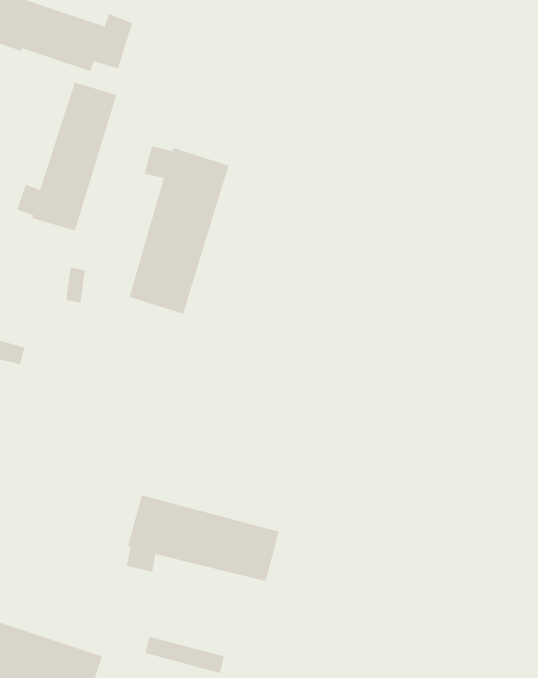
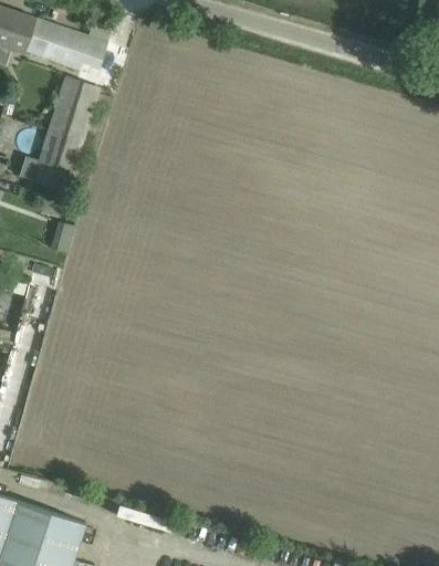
building: [129,145,229,314] -> none
building: [126,495,279,582] -> none

